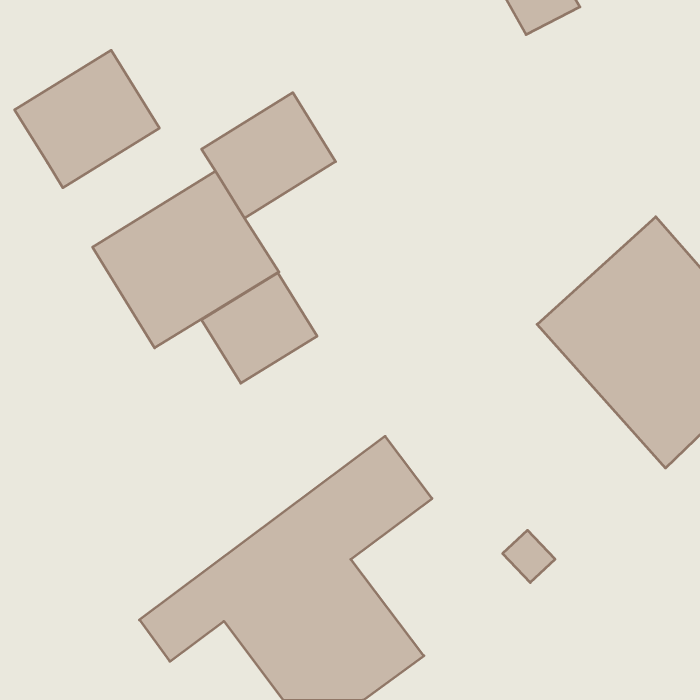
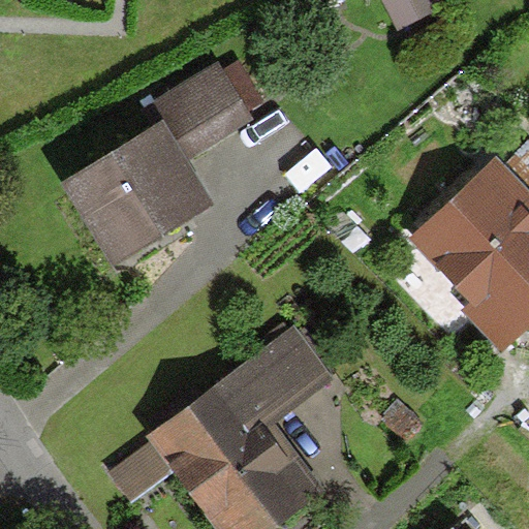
building: [15,50,159,188] -> none
building: [201,273,317,383] -> none

